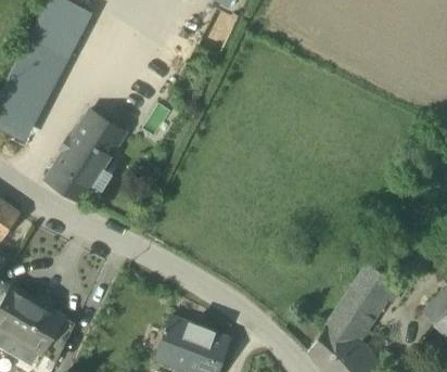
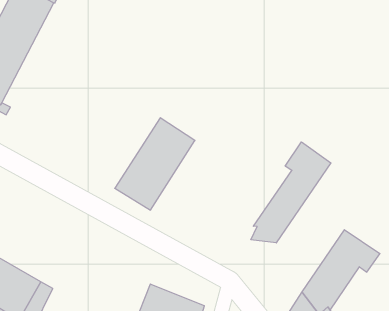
building: [46,110,126,202] -> [115,118,195,210]
building: none -> [251,142,331,243]

